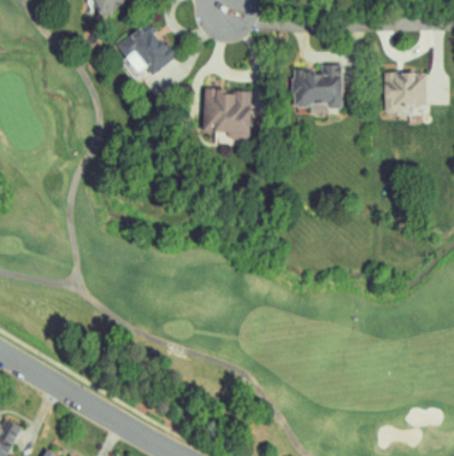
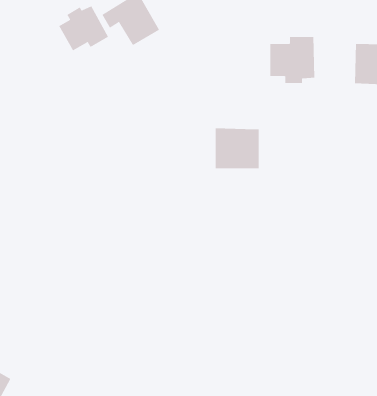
building: none -> [58,5,109,51]
building: [204,90,250,134] -> [215,128,259,169]

